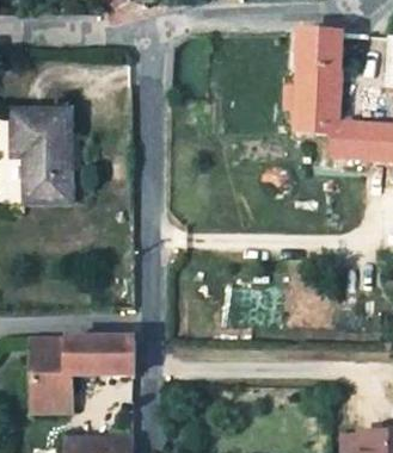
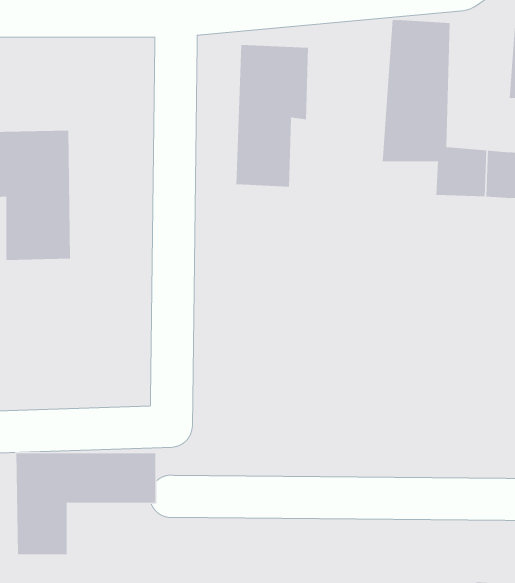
building: none -> [236,44,308,188]

